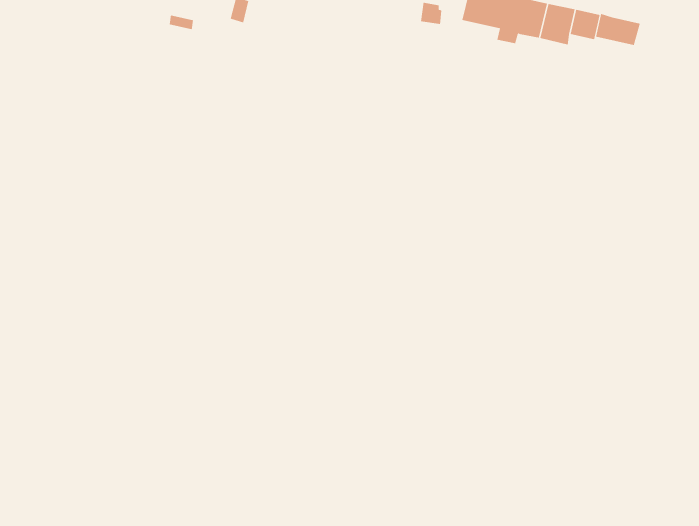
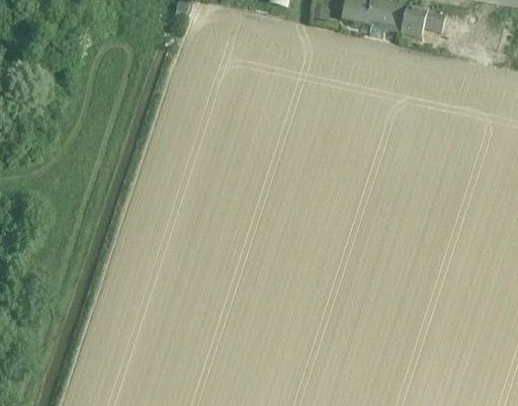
building: [595,13,640,46] -> none

